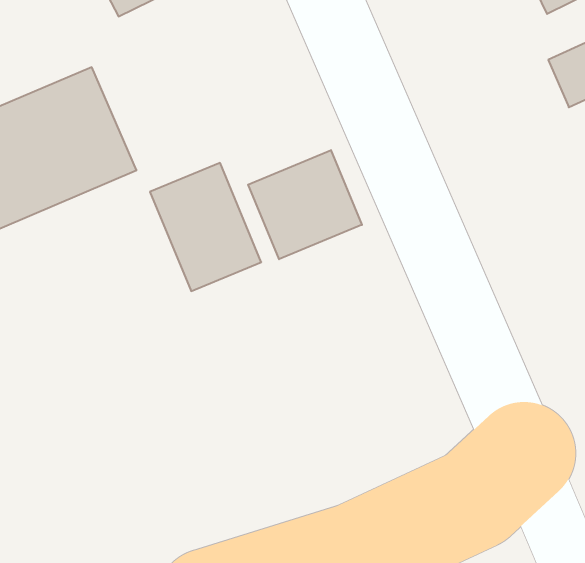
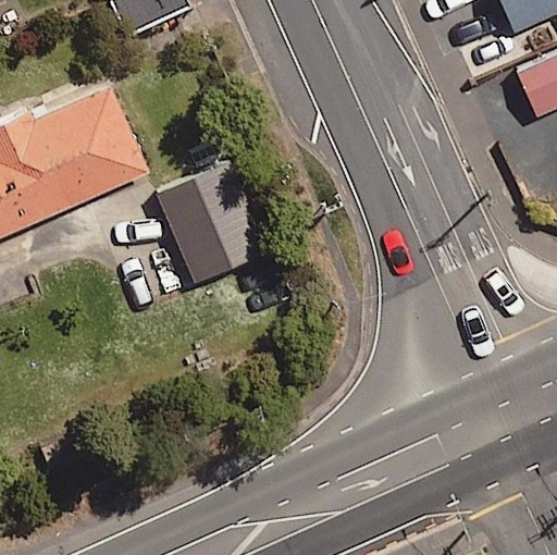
building: [248,150,362,259] -> none

